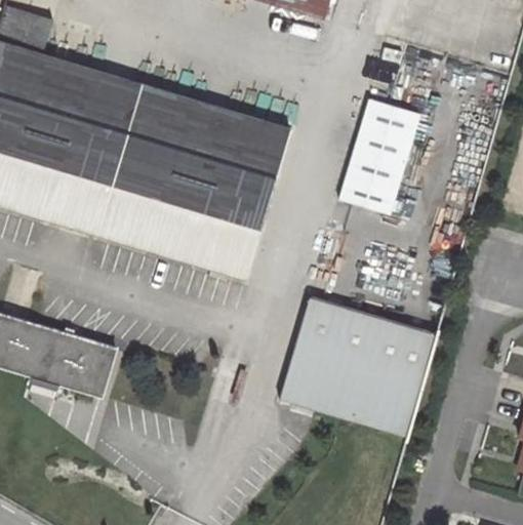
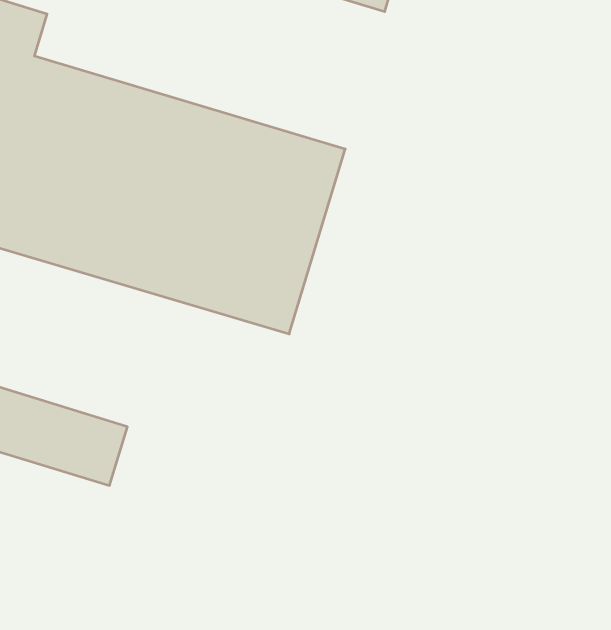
building: [337,103,418,218] -> none
building: [278,298,435,441] -> none

